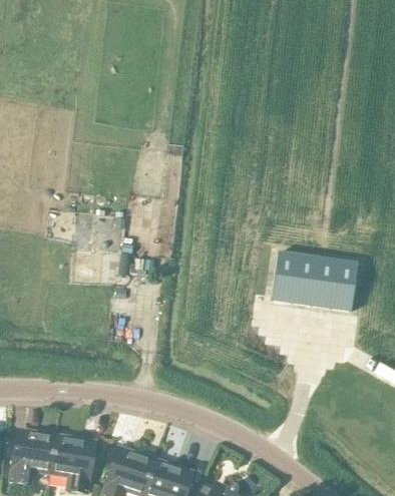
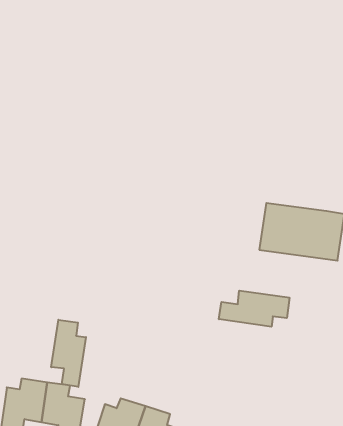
building: none -> [219,291,289,327]
building: none -> [51,320,86,387]

